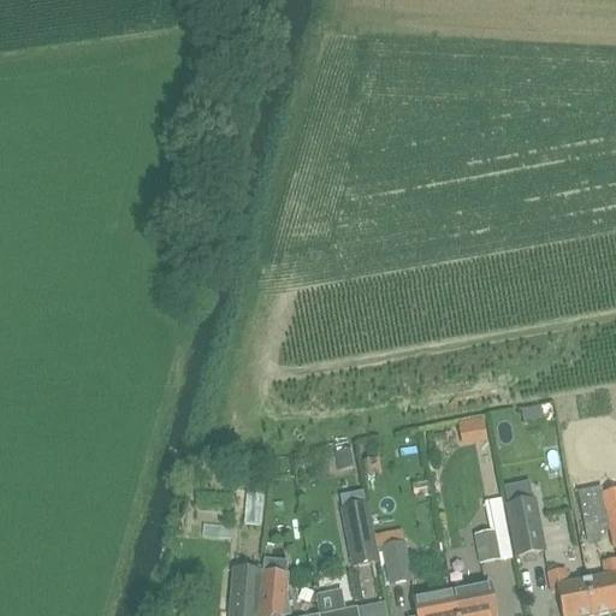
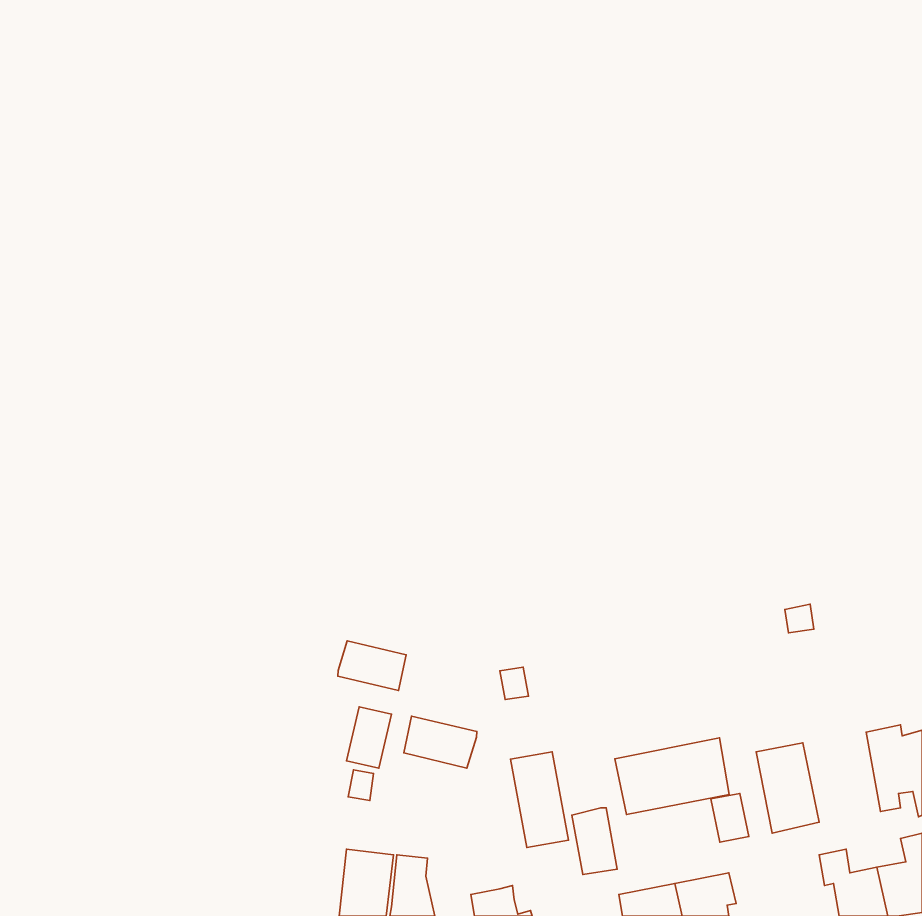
building: none -> [338,641,406,690]
building: none -> [404,716,477,768]
building: none -> [615,738,729,815]

